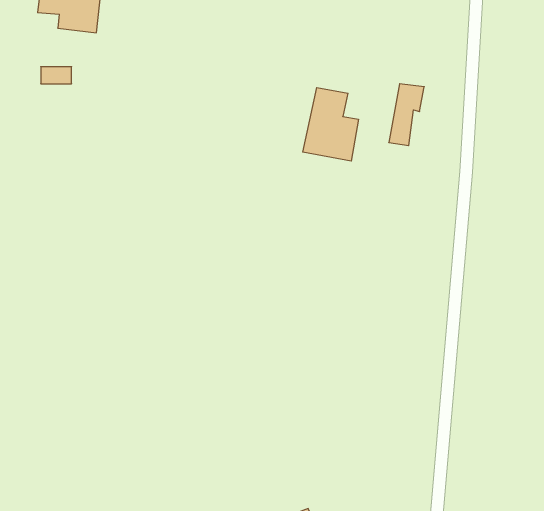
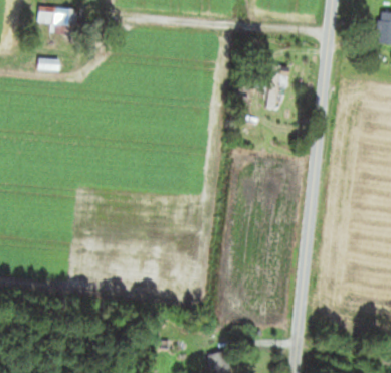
building: [303,88,358,161] -> none

